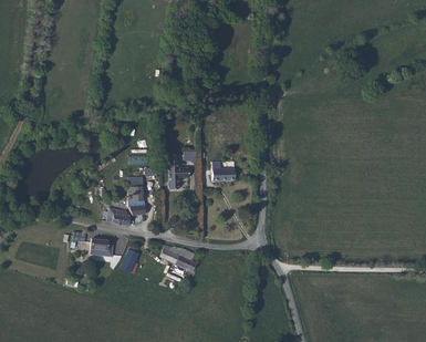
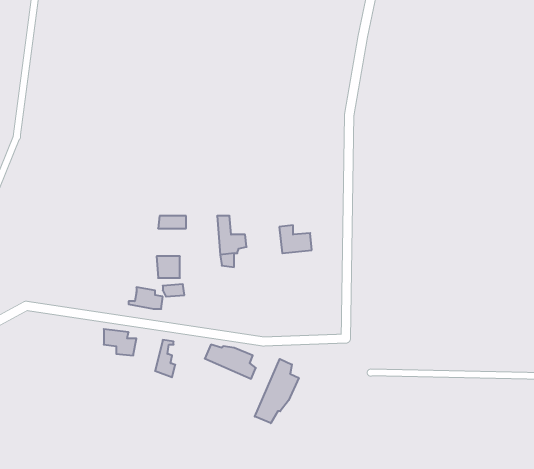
building: none -> [255,359,299,423]

